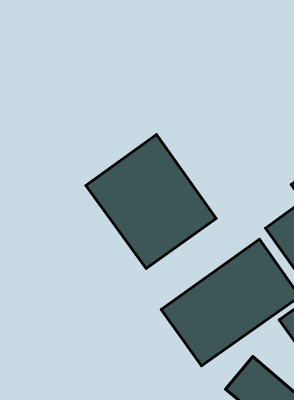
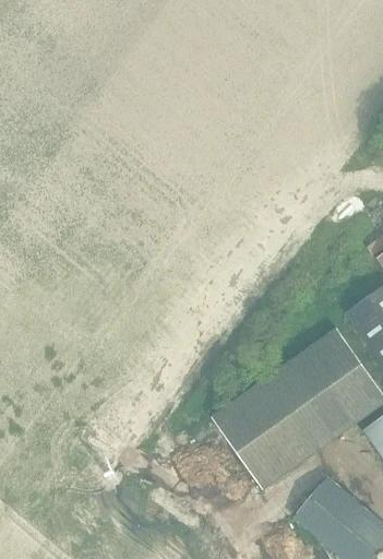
building: [86,135,216,268] -> none

